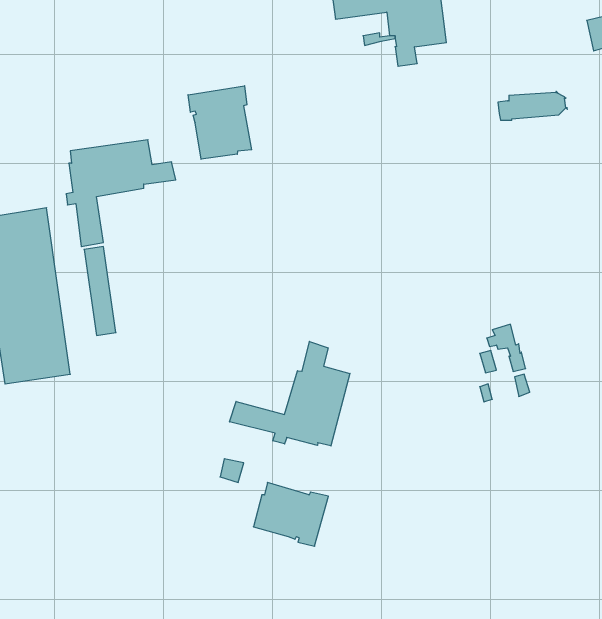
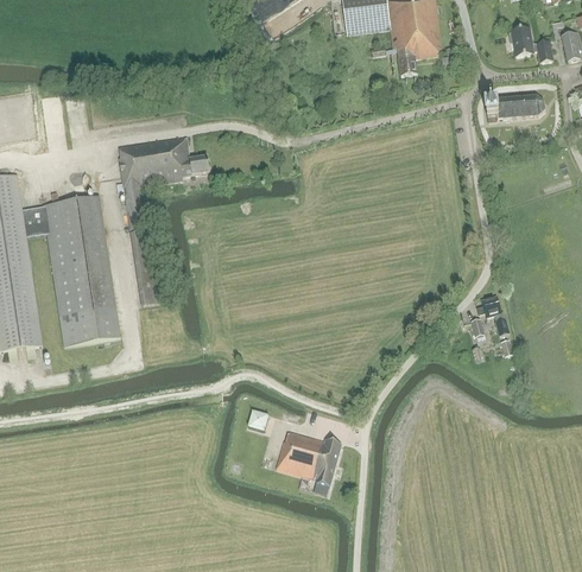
building: none -> [506,26,552,62]
building: [188,86,252,159] -> none
building: [230,341,350,446] -> none

